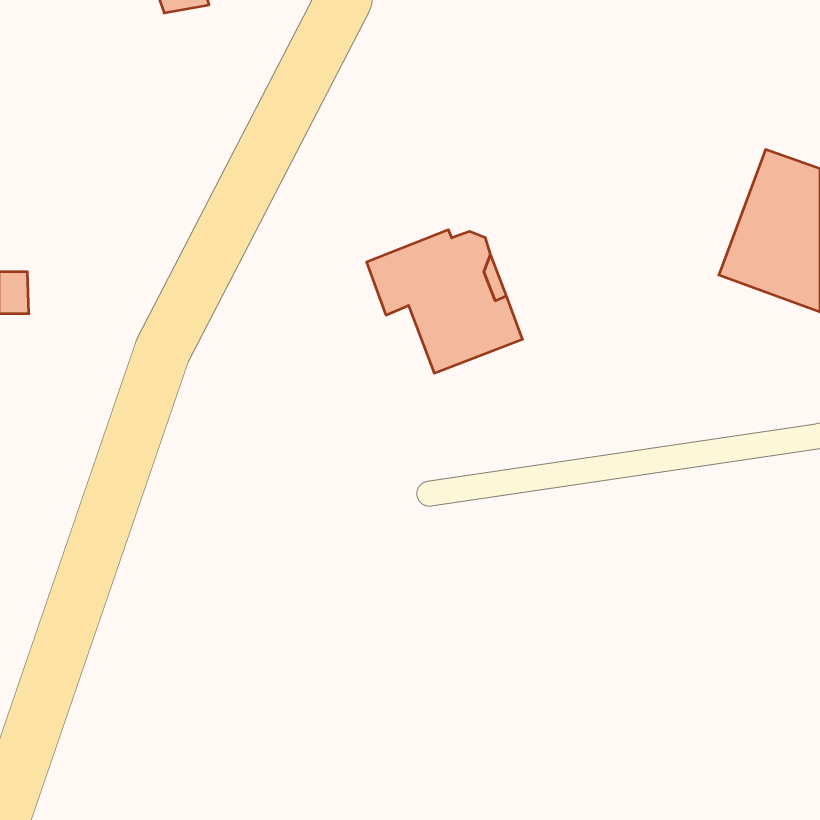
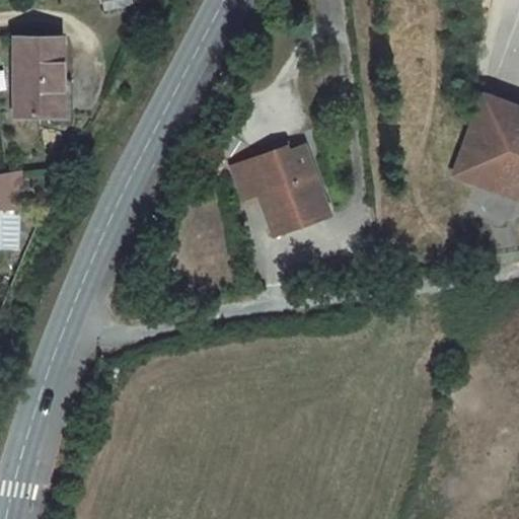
building: none -> [15,38,61,114]

